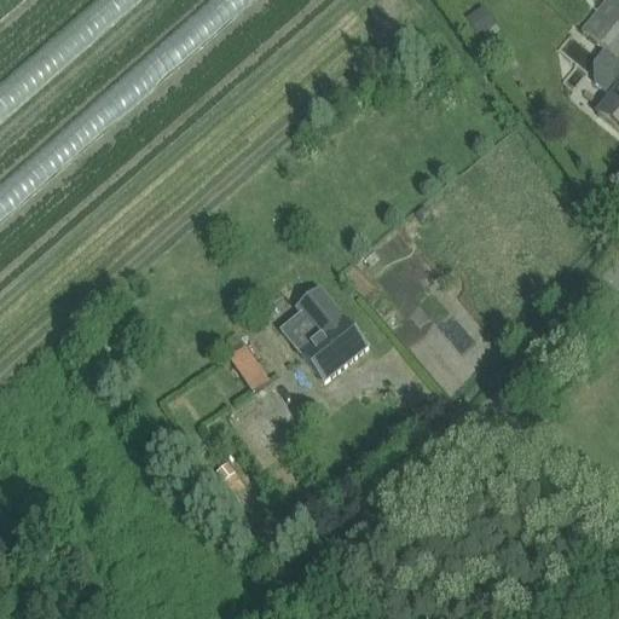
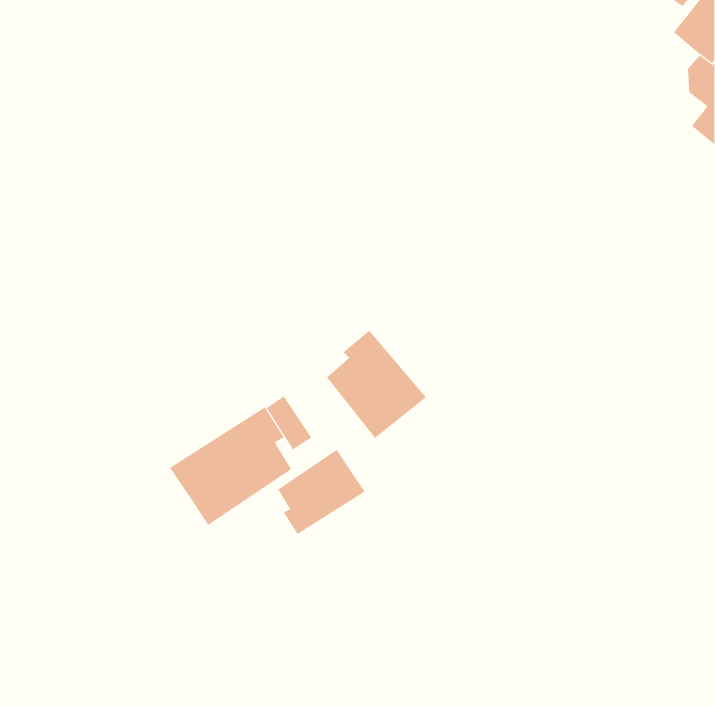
building: none -> [169,407,292,526]
building: none -> [277,449,365,535]

